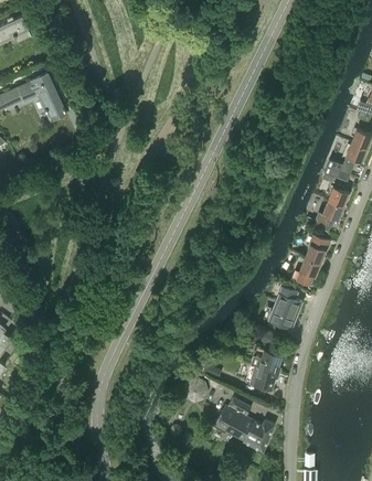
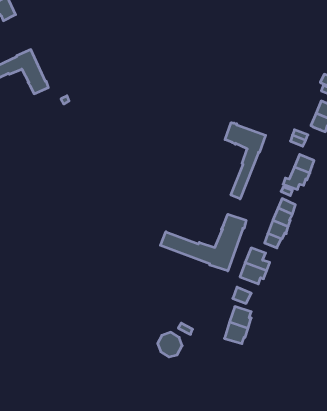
building: none -> [225,123,266,199]
building: none -> [160,214,246,271]
building: [214,398,275,452] -> none

